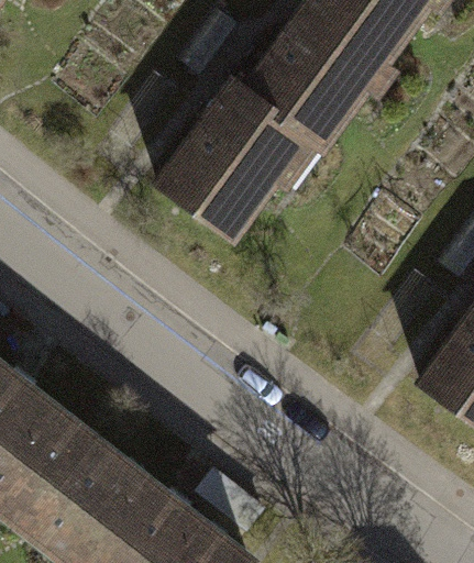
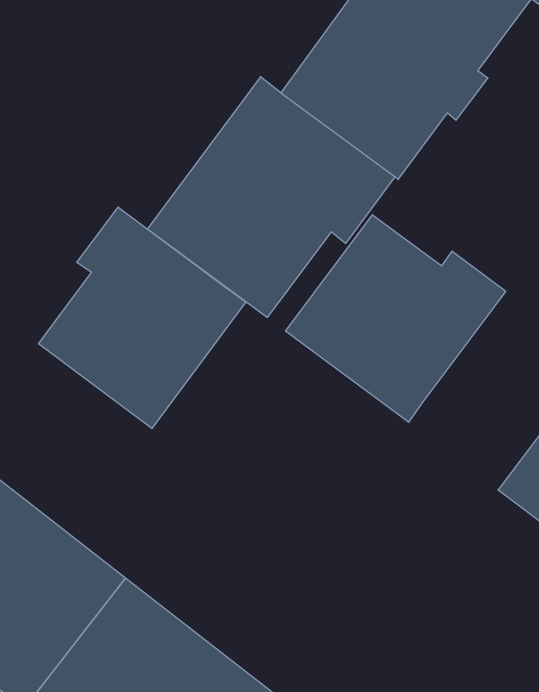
building: none -> [39,207,246,429]
building: none -> [285,215,506,422]

